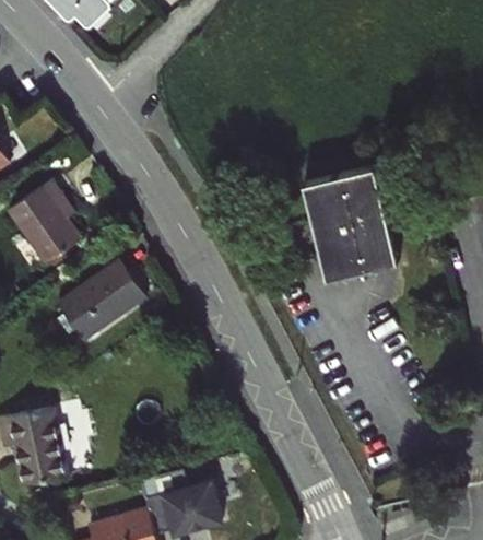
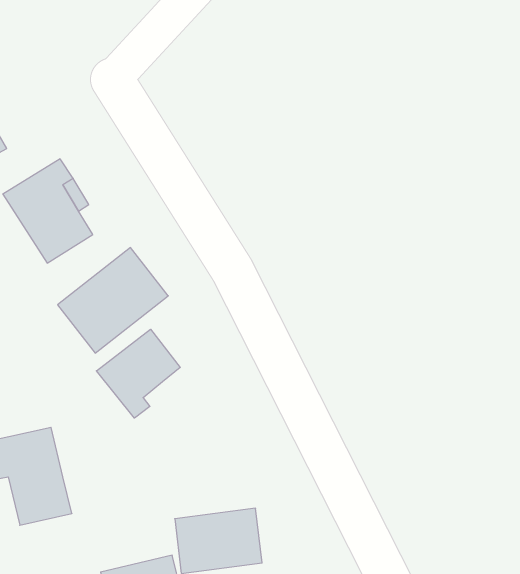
building: [302,166,398,282] -> none
building: none -> [96,329,180,418]

